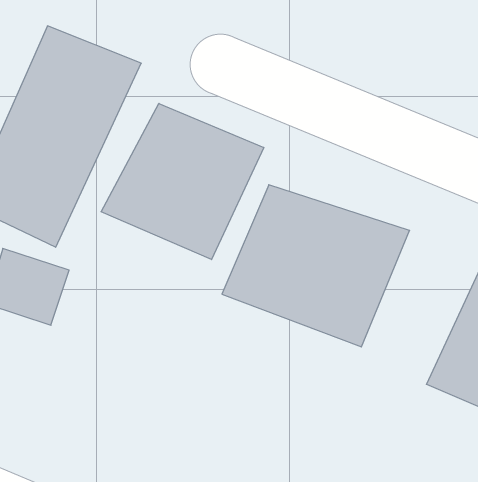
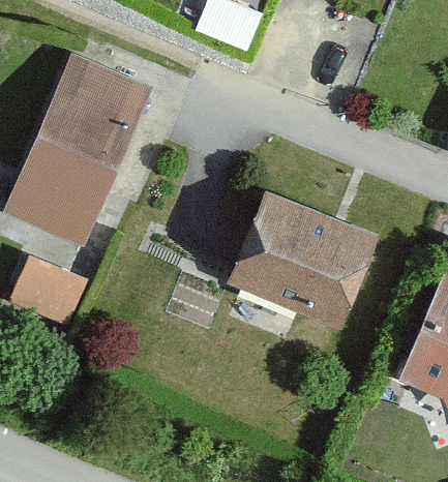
building: [101,103,264,260] -> none

